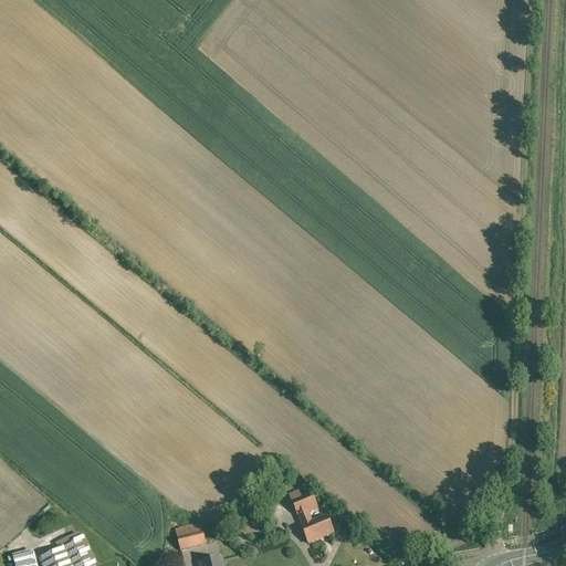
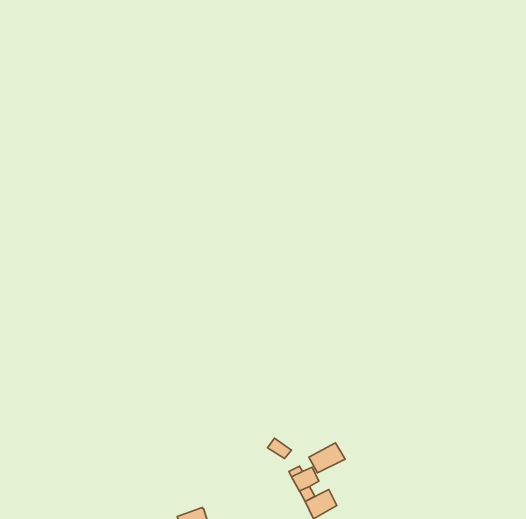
building: none -> [309,443,345,473]

